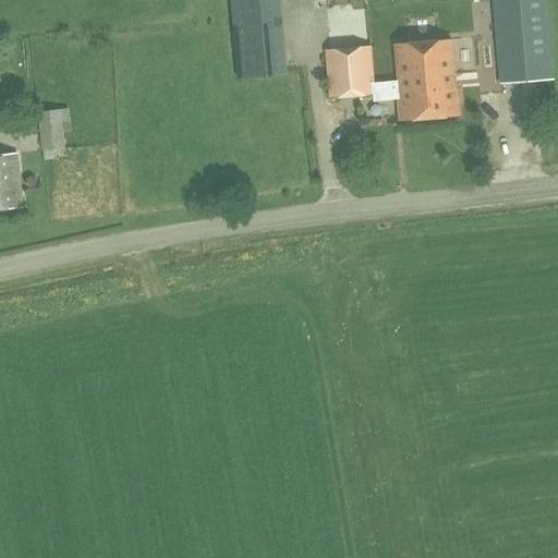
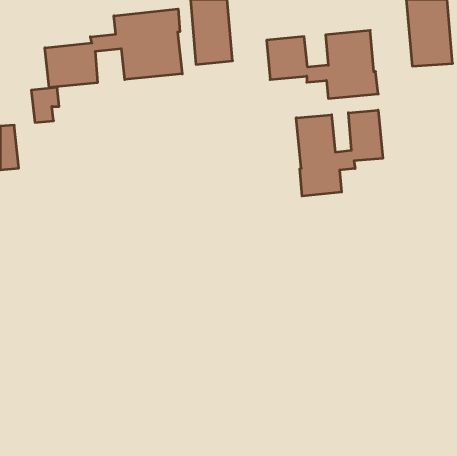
building: none -> [45,9,182,88]
building: none -> [296,110,383,196]

